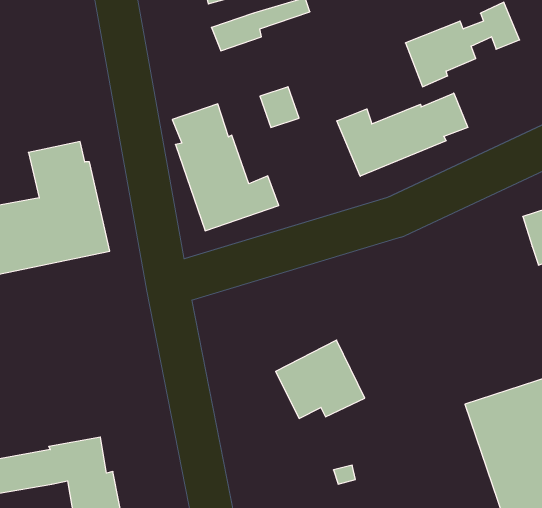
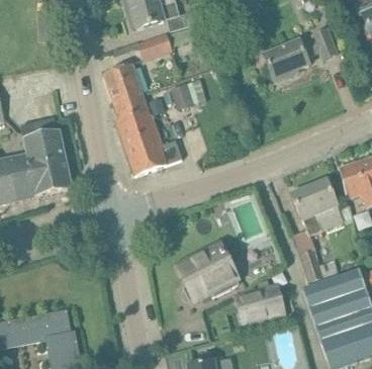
building: none -> [103,63,143,103]
building: [337,93,468,176] -> none
building: none -> [291,179,344,281]
building: none -> [237,285,283,324]

